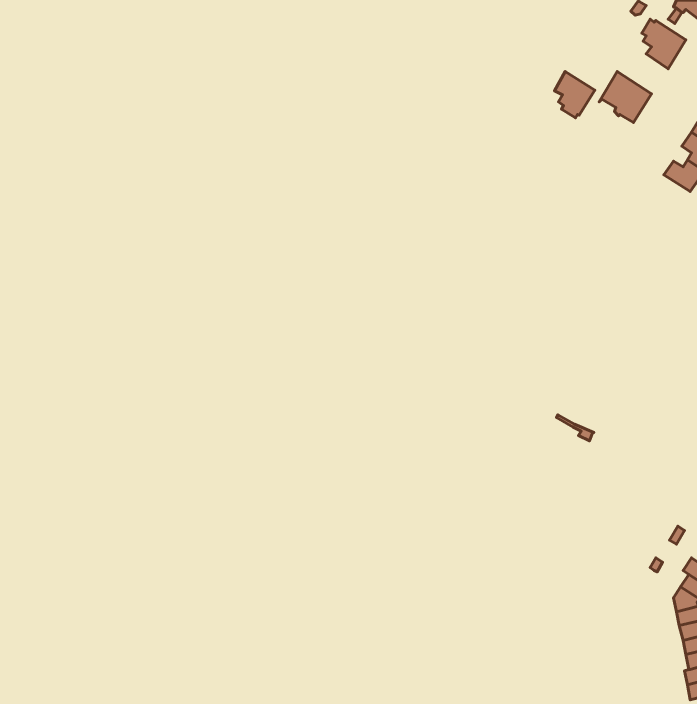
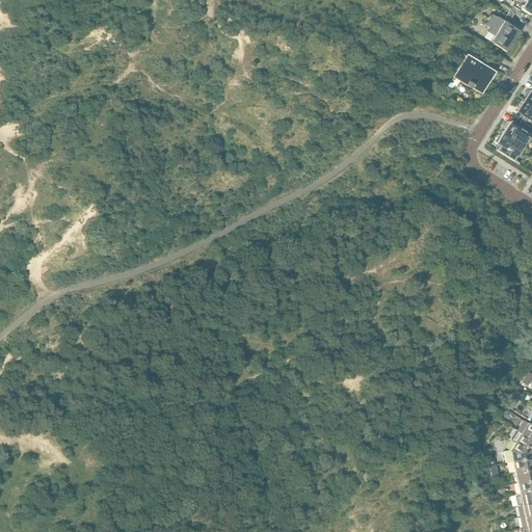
building: [555,72,595,118] -> none
building: none -> [499,132,526,161]

